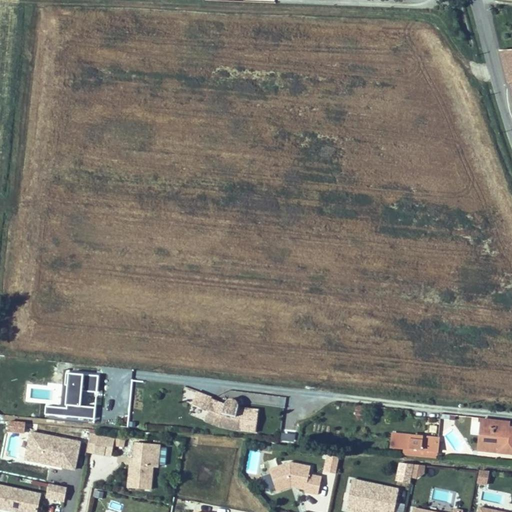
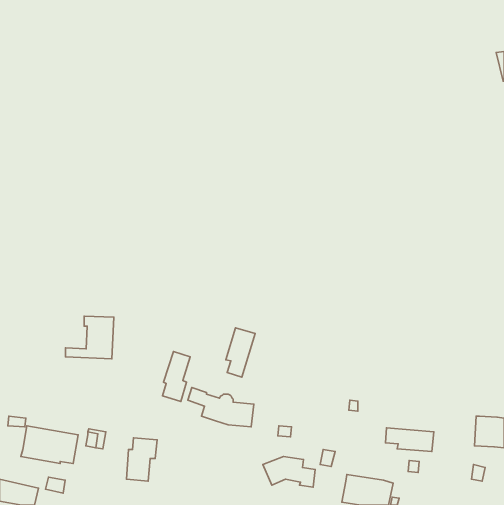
building: none -> [226,328,255,377]
building: none -> [162,352,190,402]
building: [46,375,95,418] -> [65,316,114,359]

